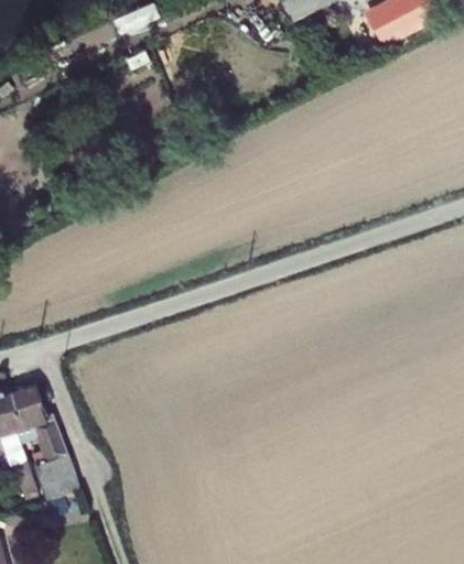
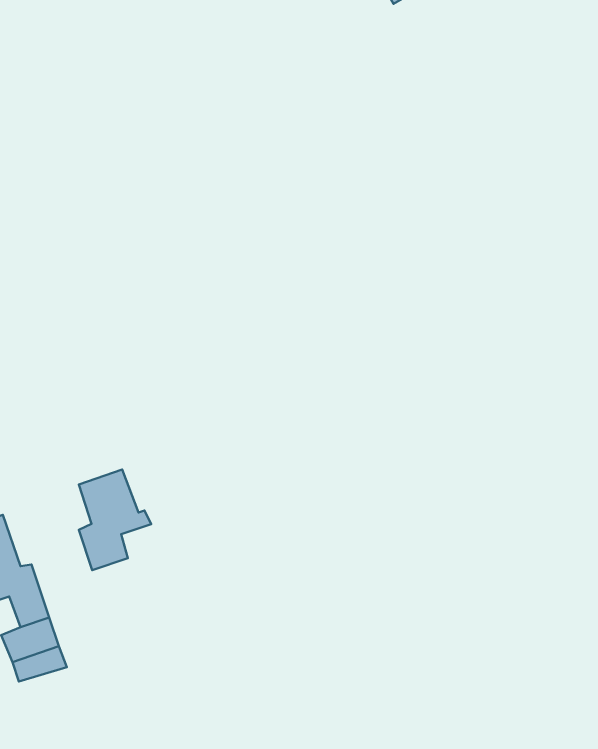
building: none -> [79,470,151,570]

